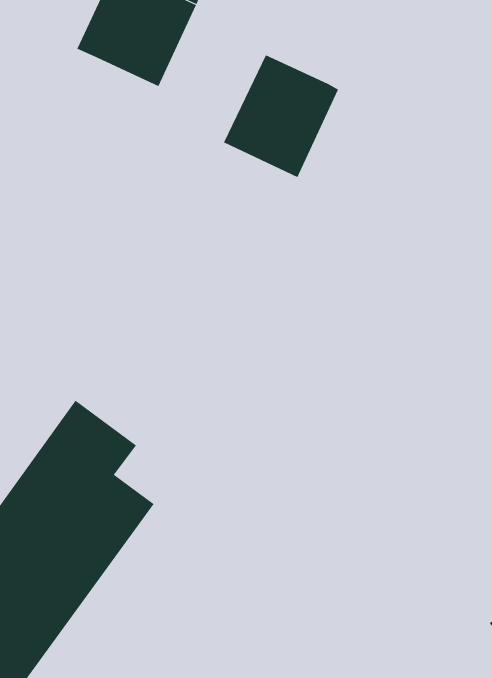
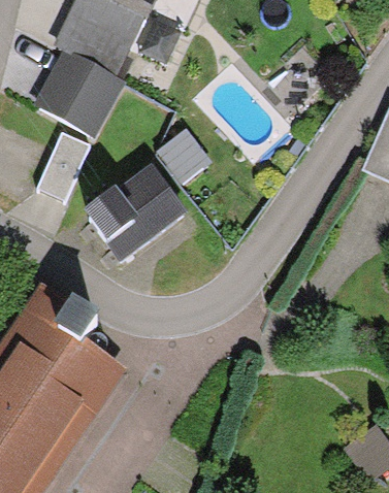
building: [223,54,339,178] -> [40,51,122,137]
building: none -> [87,169,185,263]

